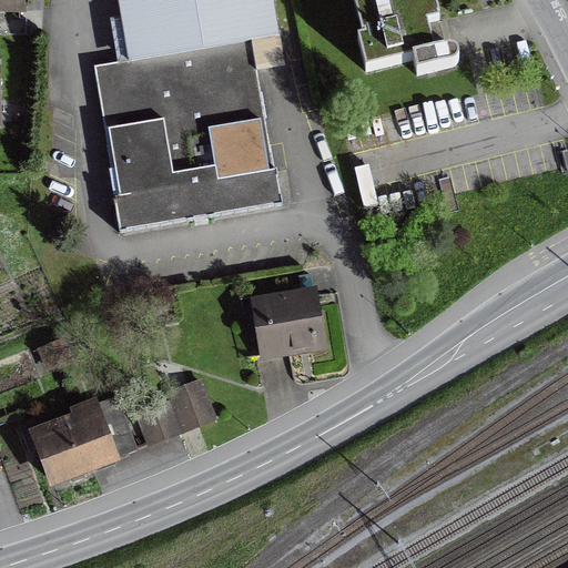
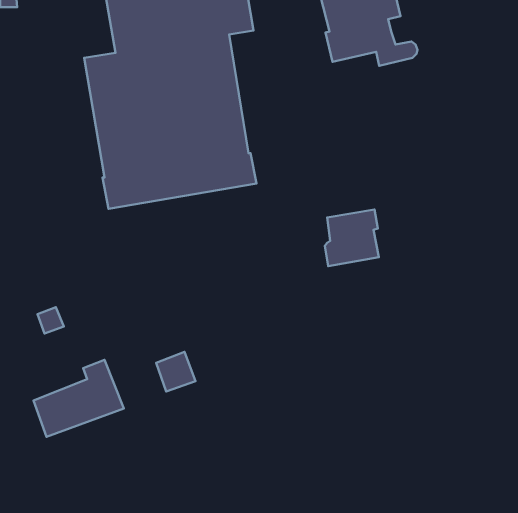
building: [258,290,317,352] -> [325,209,379,266]
building: [135,398,179,442] -> none

